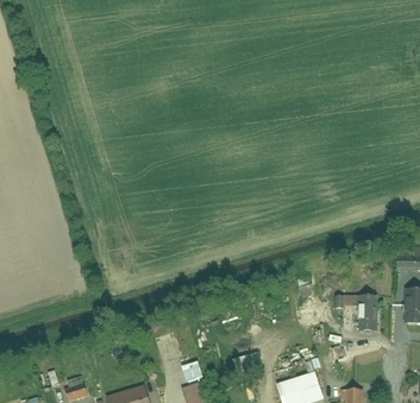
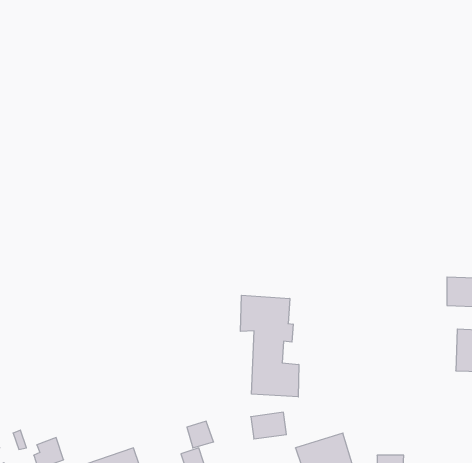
building: none -> [241,295,299,397]
building: [334,295,376,332] -> none

